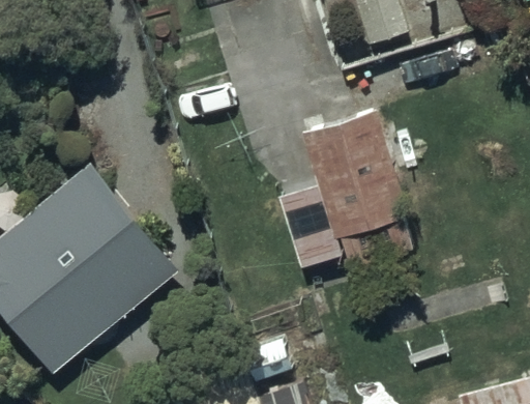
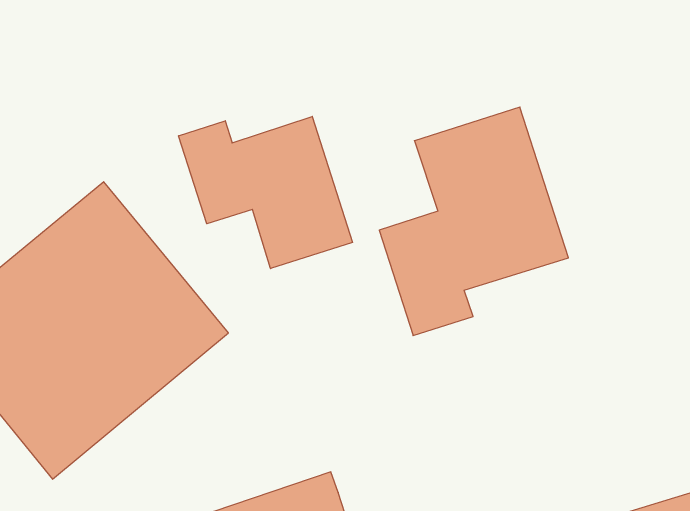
building: none -> [179,116,352,269]

